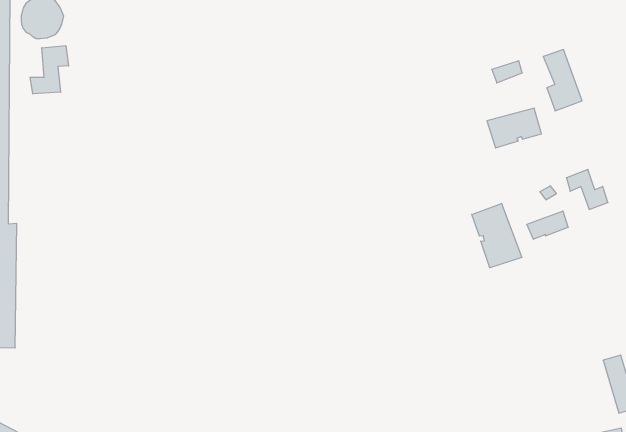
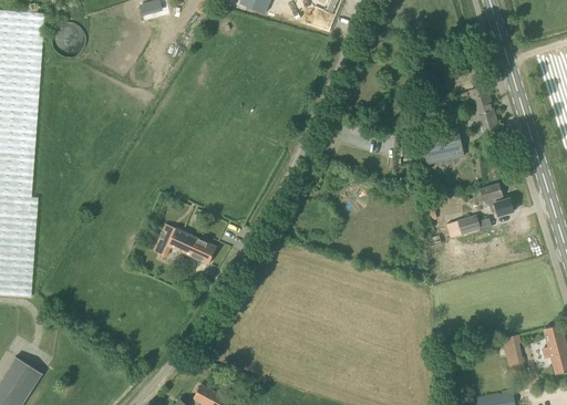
building: [30,46,68,94] -> none
building: [472,203,522,268] -> none
building: none -> [153,224,217,264]

